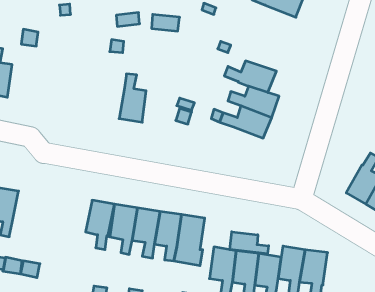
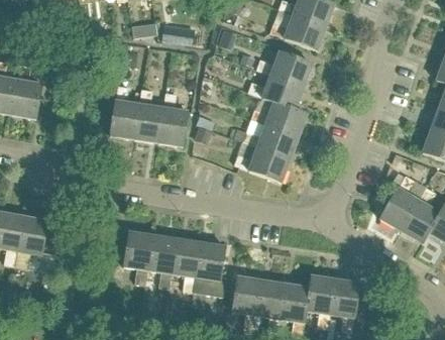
building: none -> [269,14,325,50]
building: none -> [256,50,312,86]
building: none -> [12,65,42,118]
building: none -> [109,85,139,137]
building: none -> [158,92,188,145]
building: none -> [234,146,290,182]
building: [86,200,114,250] -> [17,216,48,269]
building: [230,232,269,254] -> none

